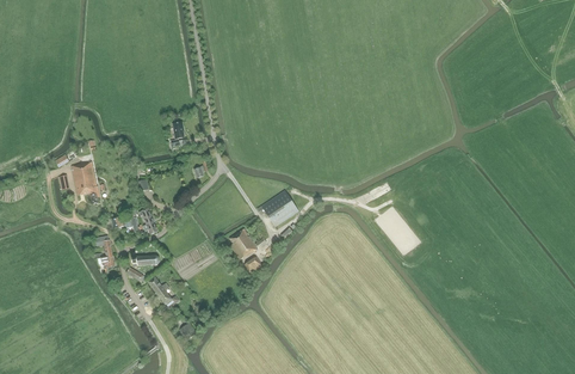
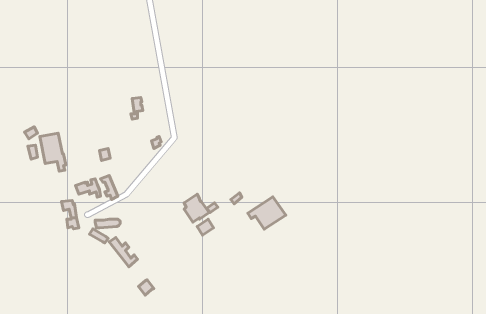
building: [256,190,298,226] -> [248,197,286,229]

